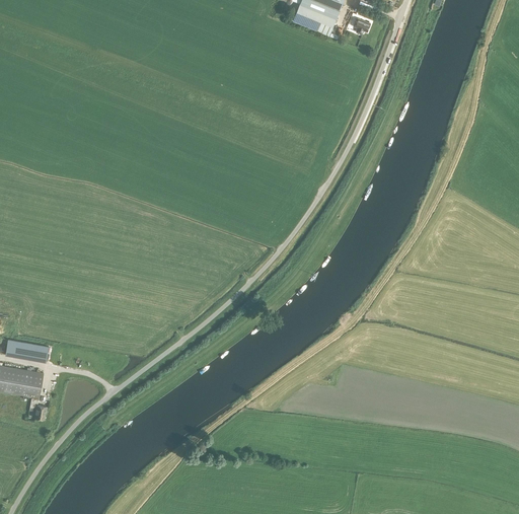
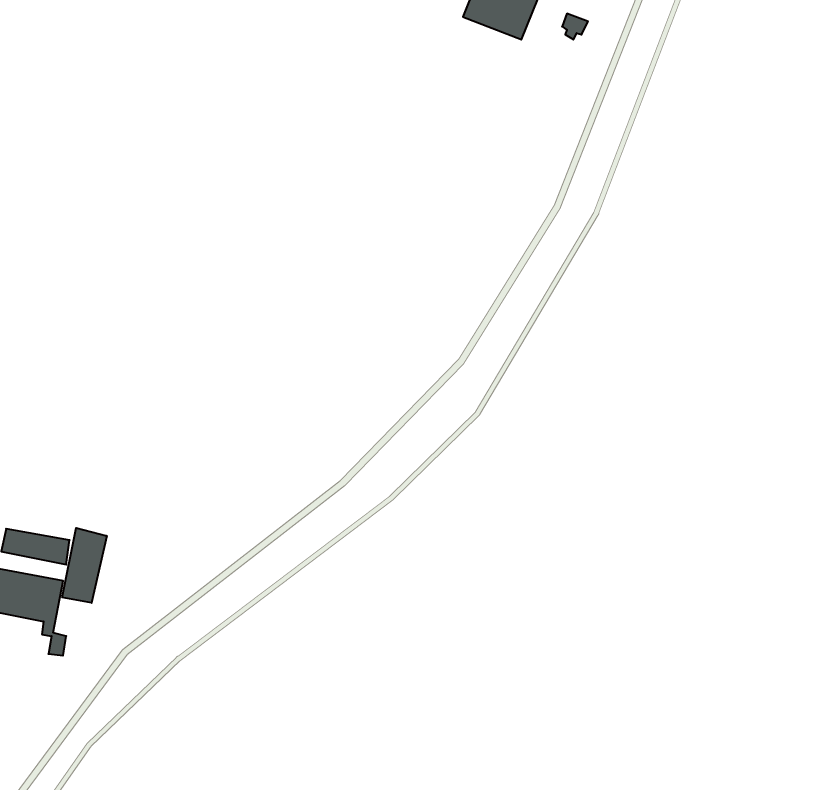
building: none -> [62,528,107,603]

